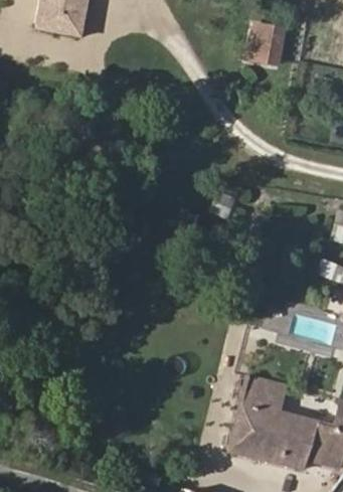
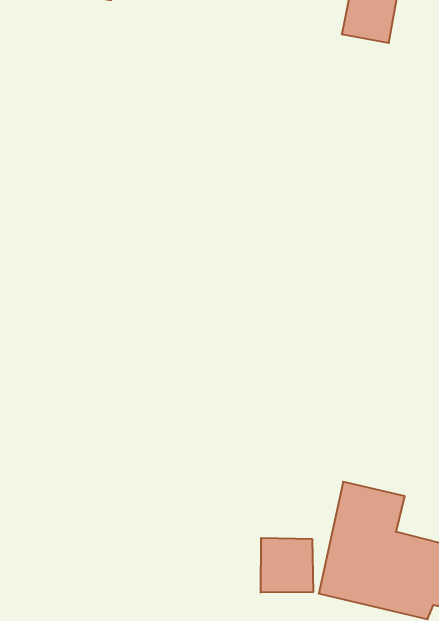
building: none -> [261,538,313,593]

